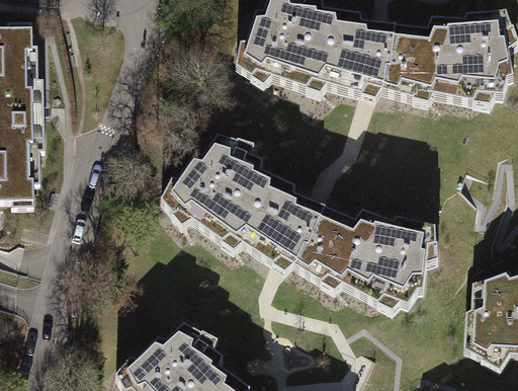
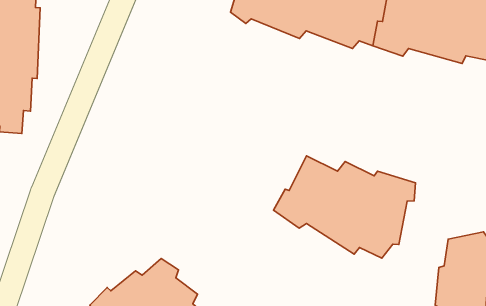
building: [160,139,323,268] -> none

